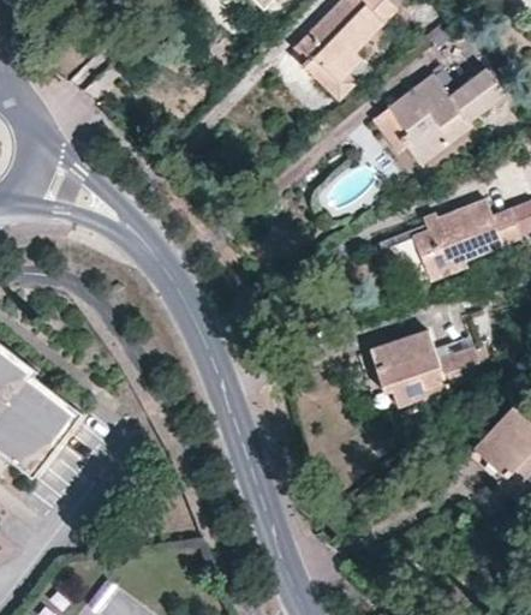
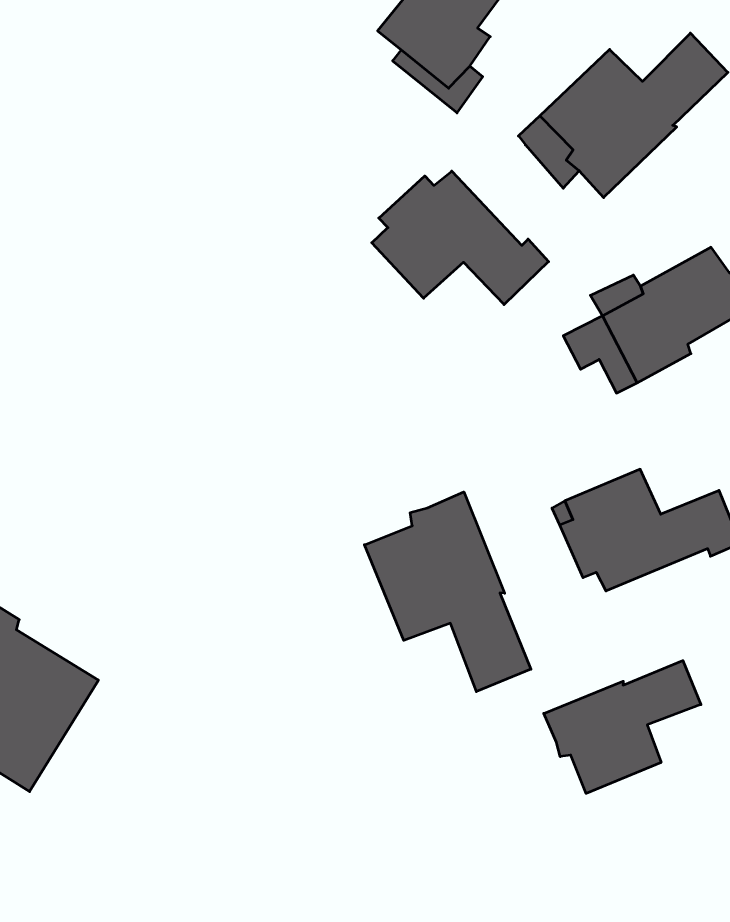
building: none -> [372,171,549,305]
building: none -> [364,492,531,692]
building: none -> [544,661,701,793]

